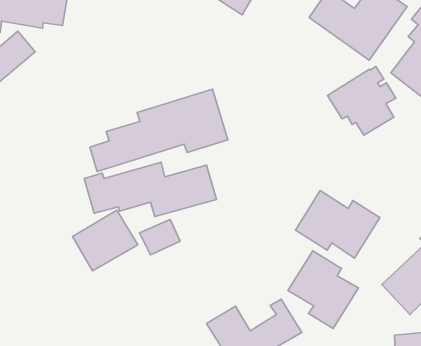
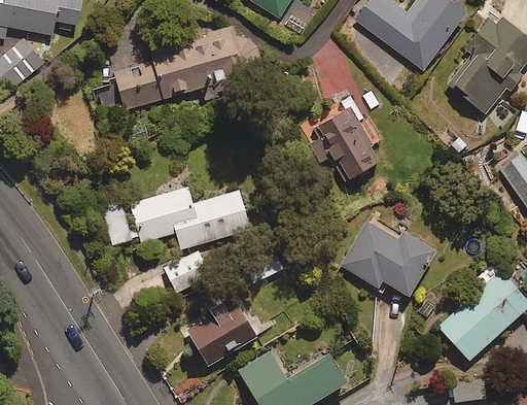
building: [328,66,396,135] -> [304,102,381,180]
building: [90,89,228,171] -> [94,24,250,117]
building: [73,210,138,271] -> [185,296,259,365]
building: [288,251,359,329] -> none

